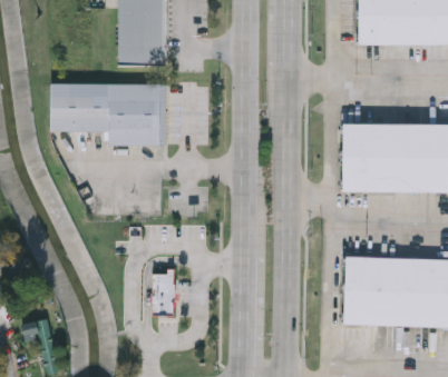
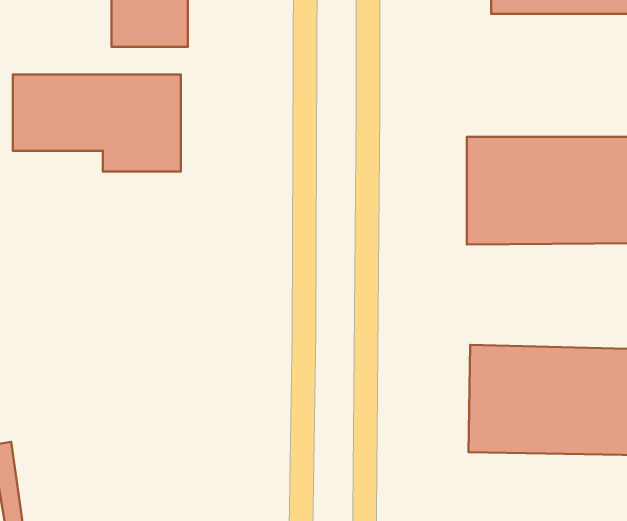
building: [153,270,175,317] -> none

